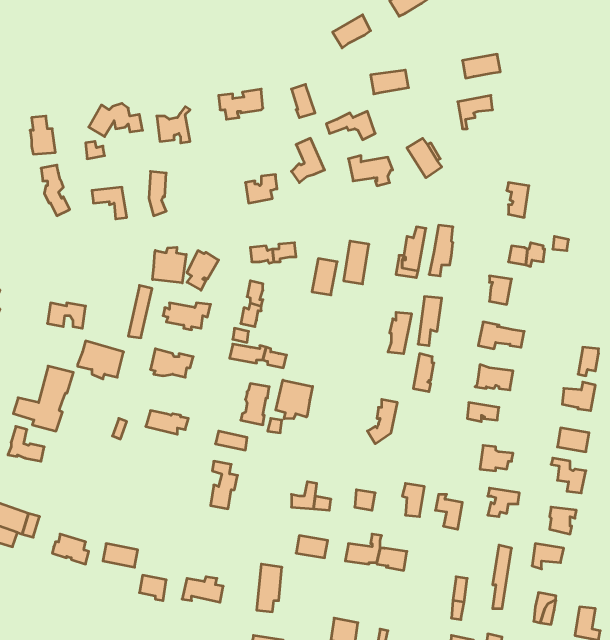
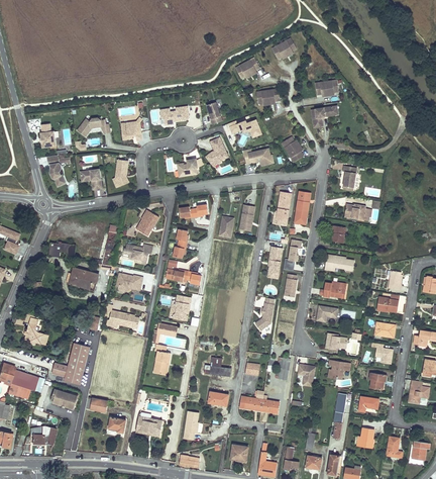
building: [153,247,186,283] -> none
building: [13,366,73,431] -> [51,343,90,384]
building: [276,380,313,419] -> none
building: none -> [29,425,56,445]

